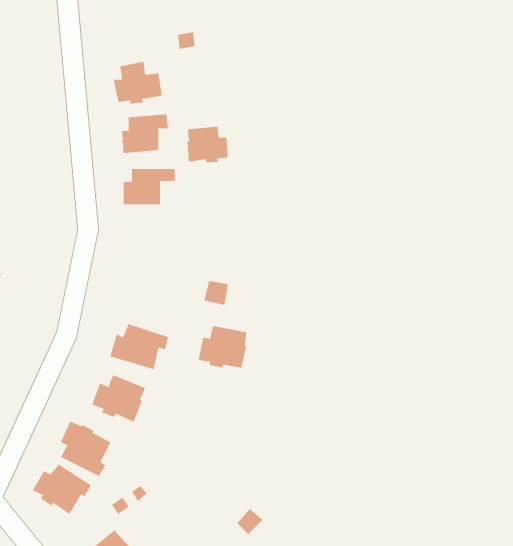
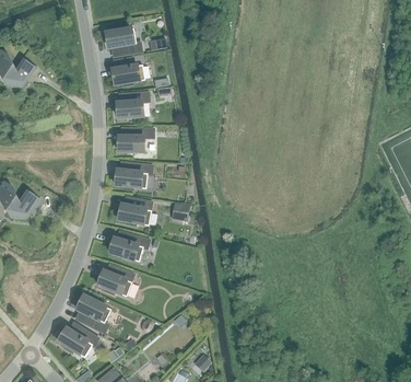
building: none -> [106,27,141,56]
building: [187,126,229,163] -> none
building: none -> [115,162,152,189]
building: [198,325,247,368] -> [118,197,151,225]

